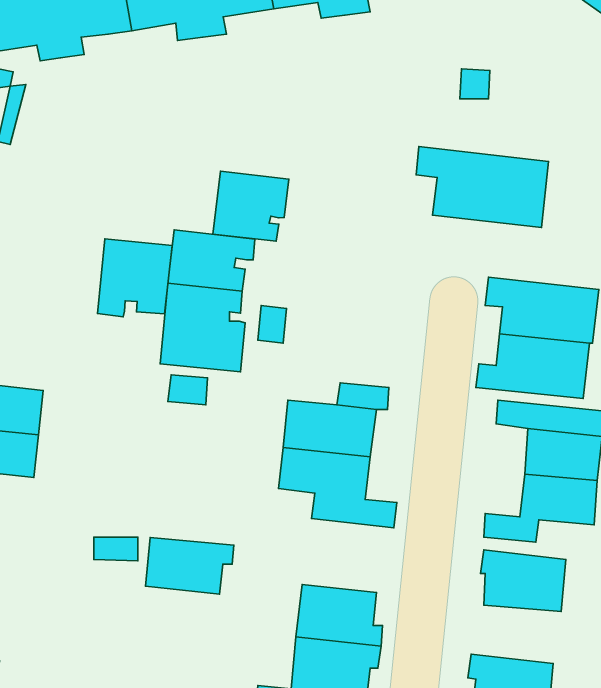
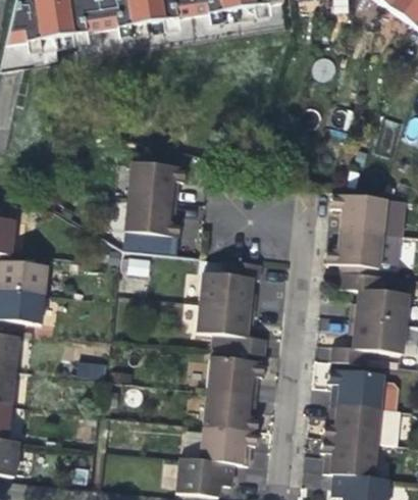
building: [416,147,548,228] -> none
building: [213,171,289,241] -> none
building: [98,239,172,317] -> none
building: [145,537,234,594] -> [212,358,269,395]
building: none -> [321,403,398,443]

